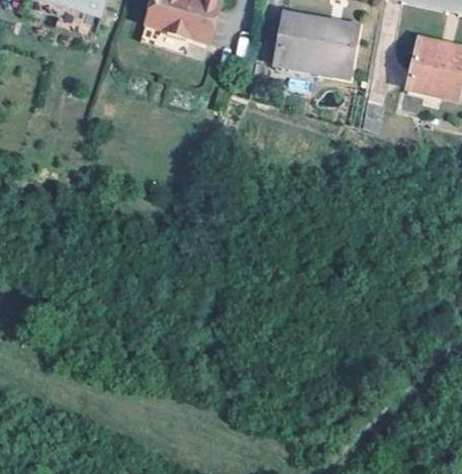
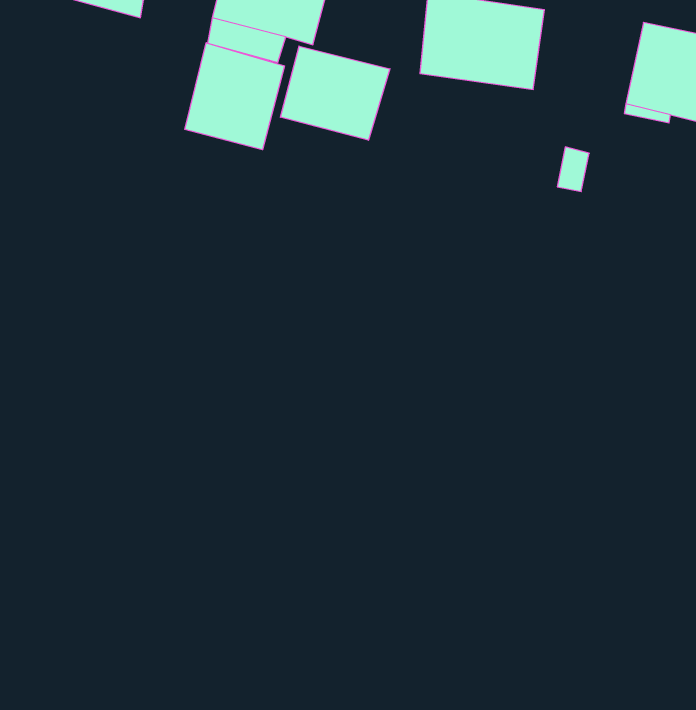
building: none -> [185,43,284,150]
building: none -> [280,46,390,140]

